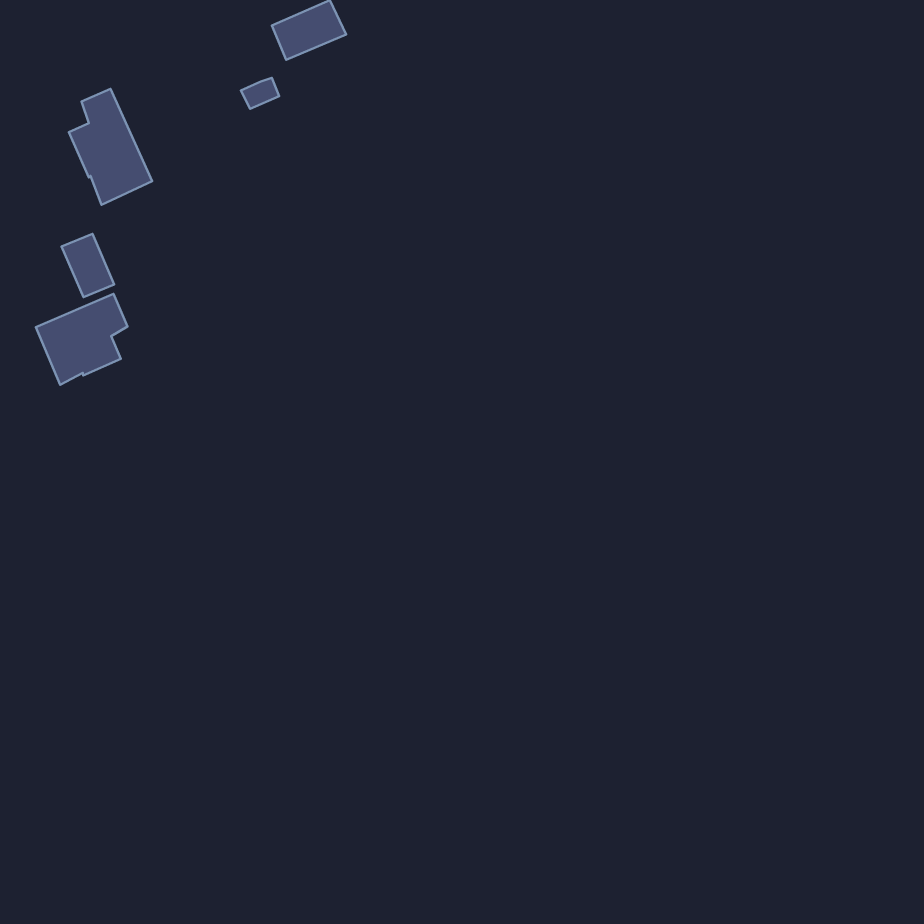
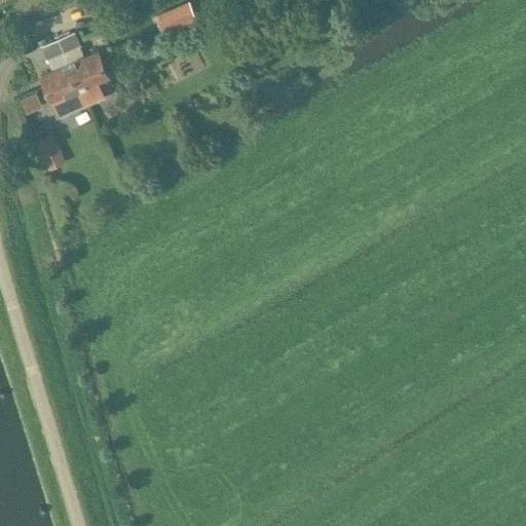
building: none -> [63,45,109,104]
building: [36,294,128,385] -> none

